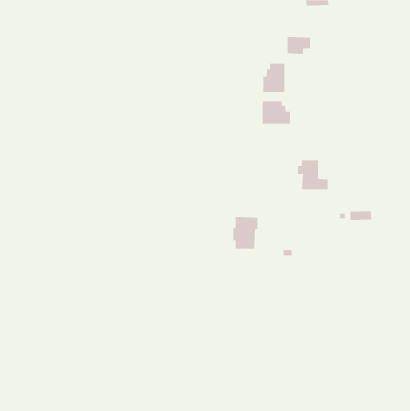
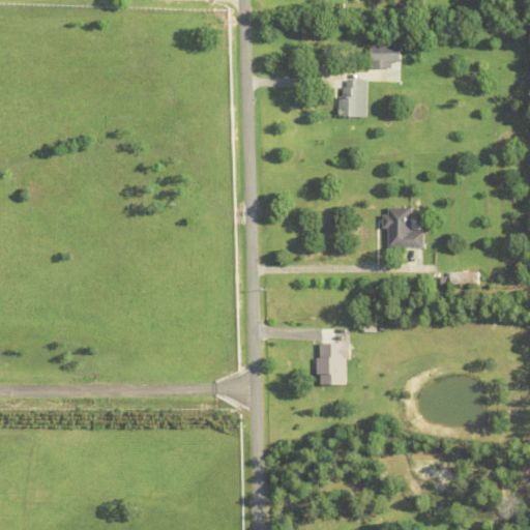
building: [262,101,291,125] -> none
building: [232,216,258,249] -> [316,340,349,382]

